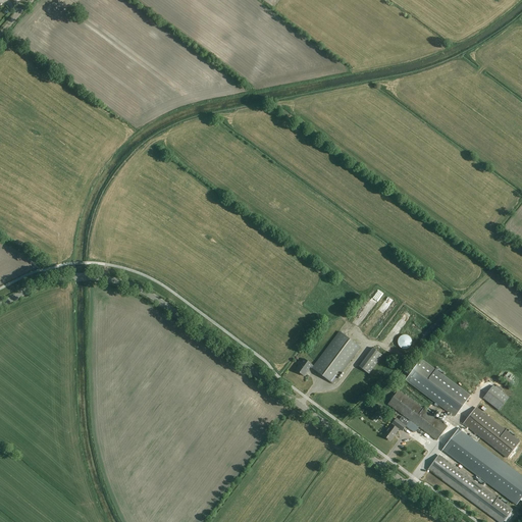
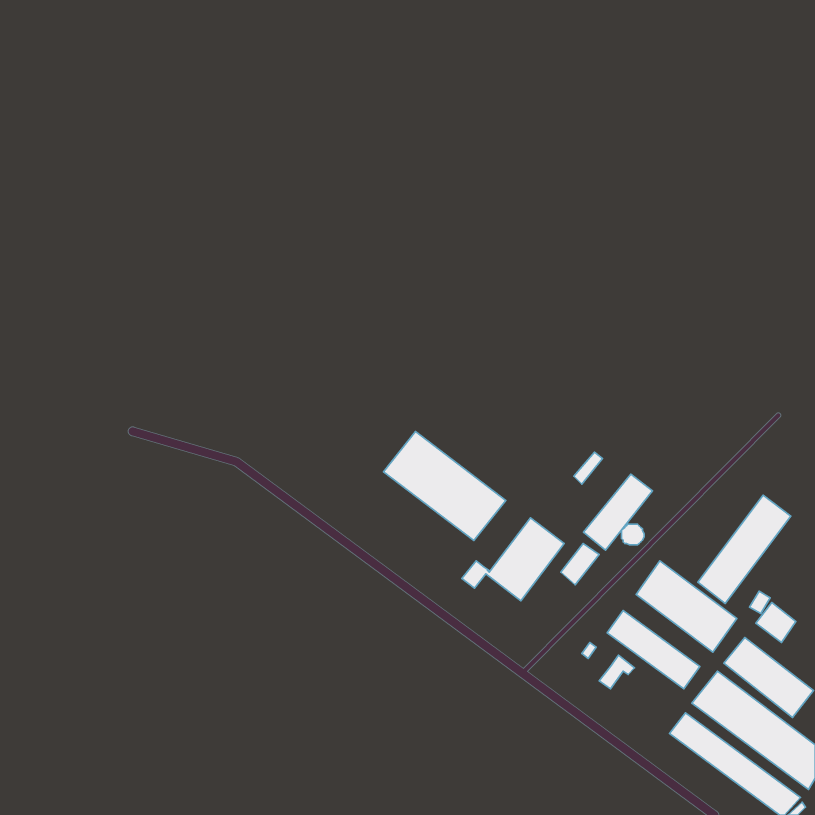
building: none -> [383,432,506,541]
building: none -> [584,474,652,550]
building: none -> [698,495,791,603]

